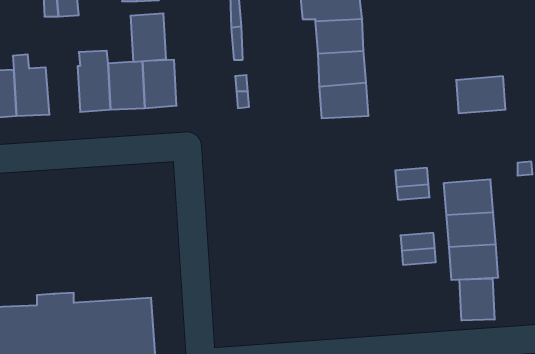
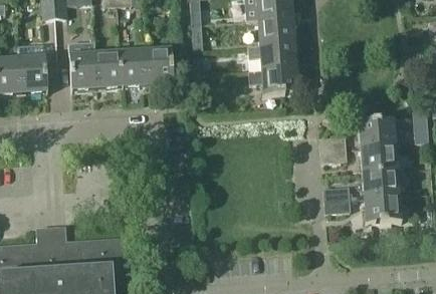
building: [130,13,166,62] -> [146,45,174,83]
building: [456,76,506,113] -> [357,115,396,144]
building: [459,278,495,321] -> none

